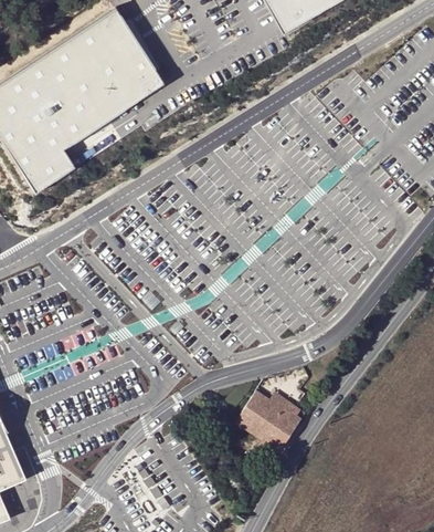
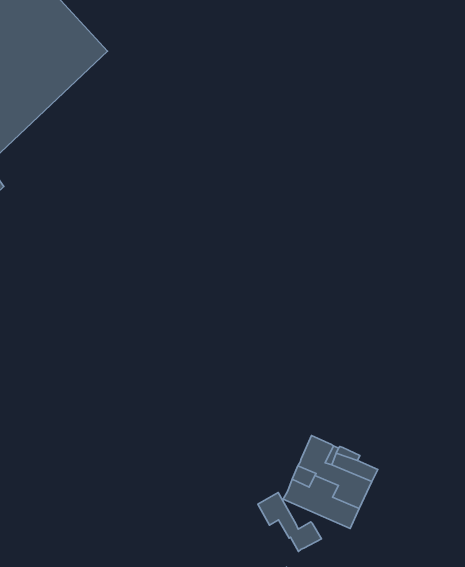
building: none -> [258,493,322,551]

